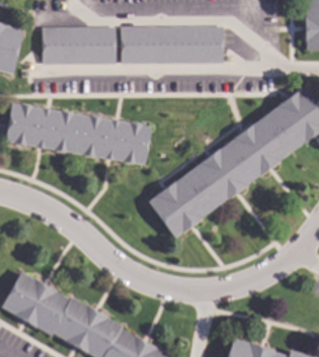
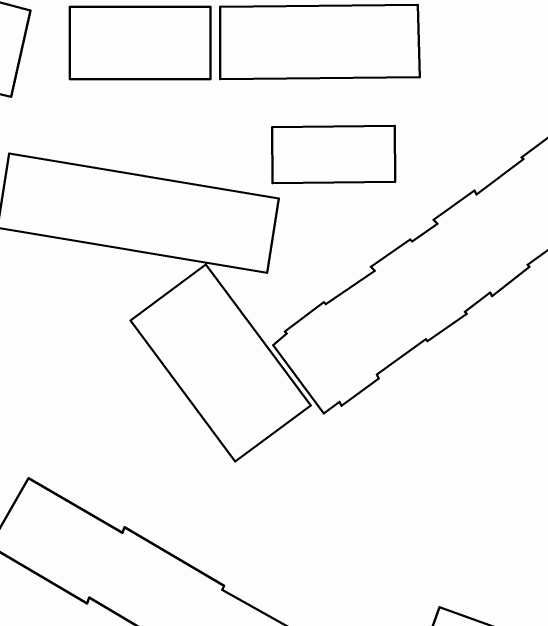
building: none -> [272,126,395,183]
building: none -> [130,264,311,462]

